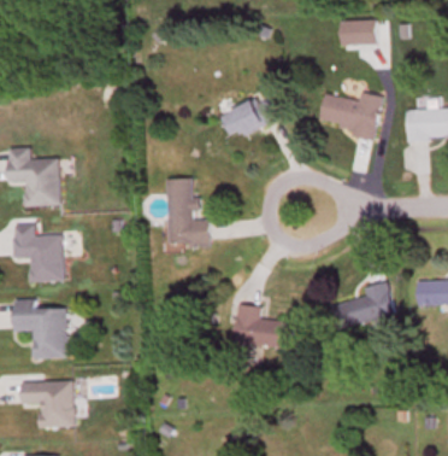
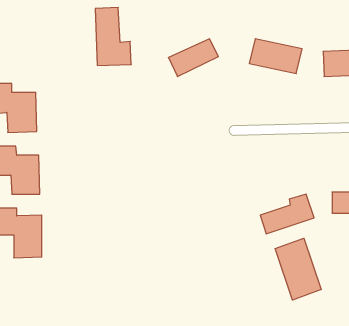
building: [166,177,210,247] -> [95,8,131,65]
building: [234,303,293,349] -> none
building: none -> [275,238,321,300]
building: [22,380,73,427] -> none

